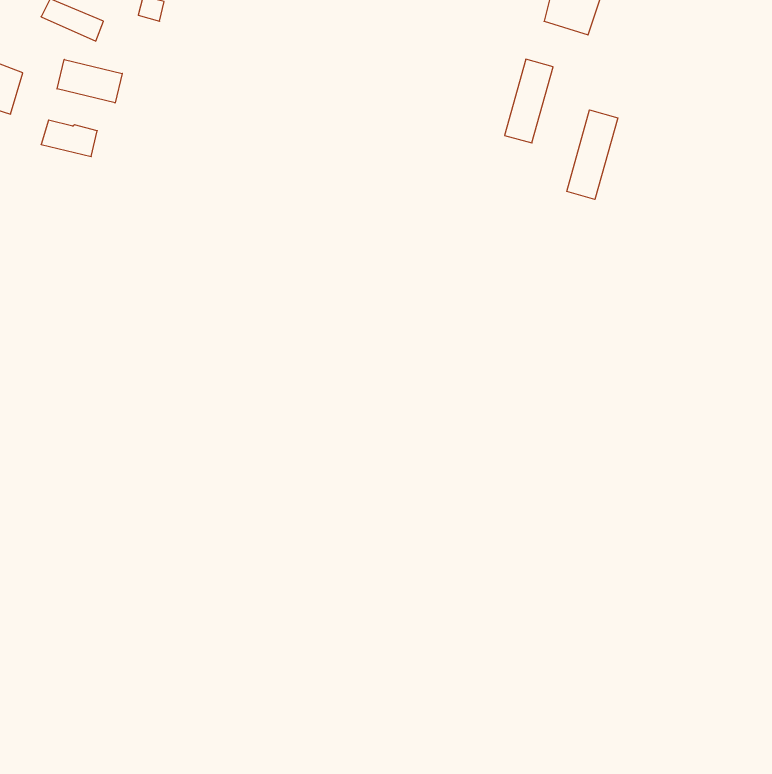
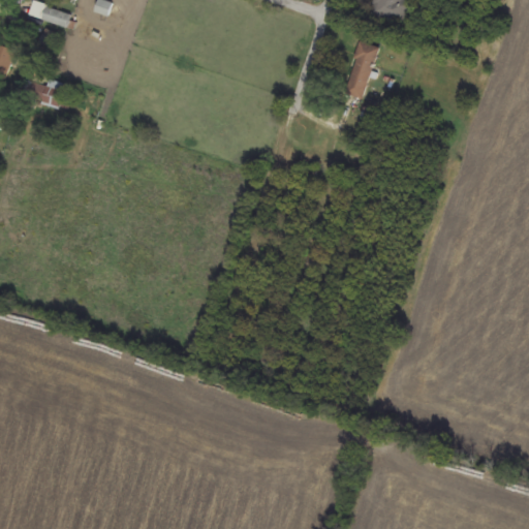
building: [57,59,122,103] -> none
building: [567,110,618,199] -> none

